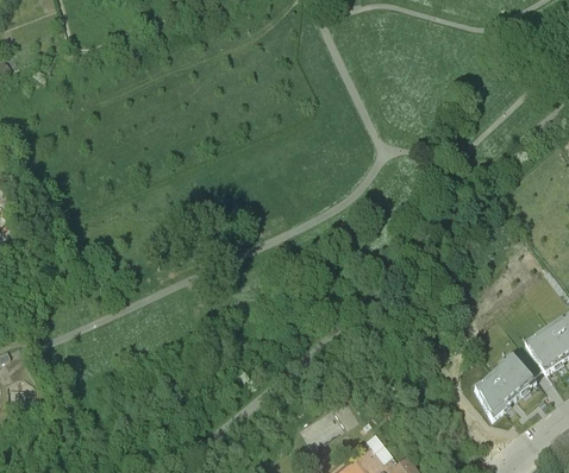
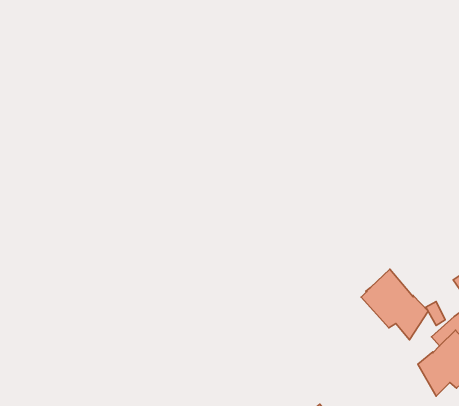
building: none -> [361,269,428,340]

